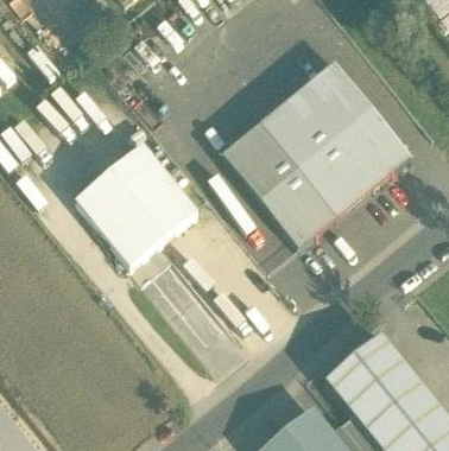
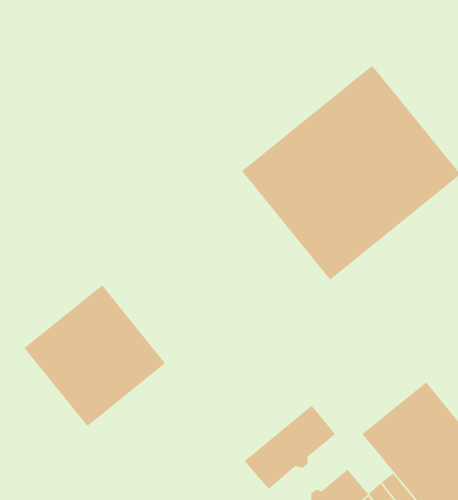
building: [75,144,197,266] -> [24,284,166,427]
building: none -> [244,405,336,490]

